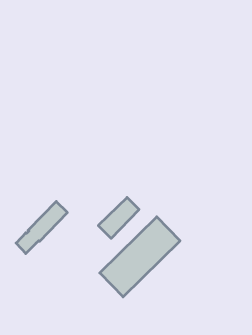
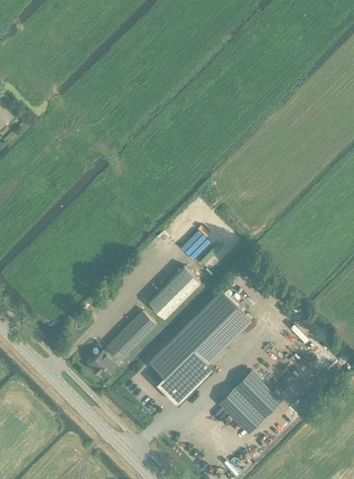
building: [16,201,67,254] -> [90,311,155,377]
building: none -> [217,371,280,433]

